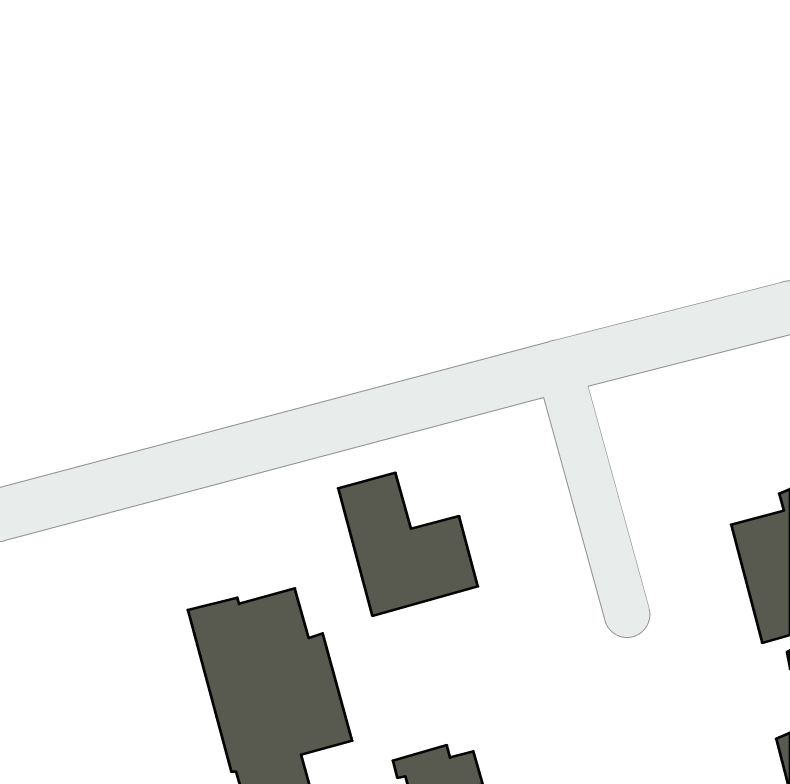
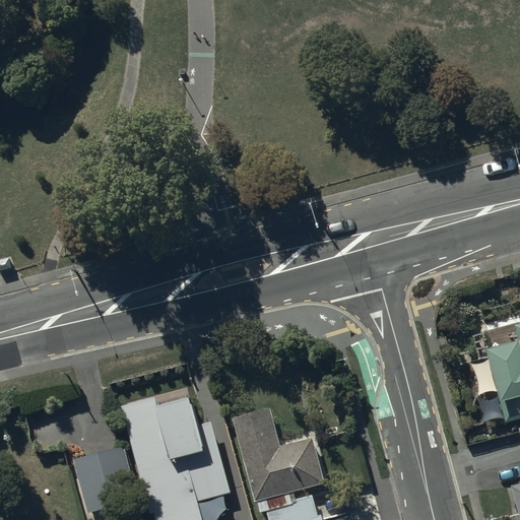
building: [338,473,478,616] -> [233,408,324,502]
building: none -> [74,449,137,513]

